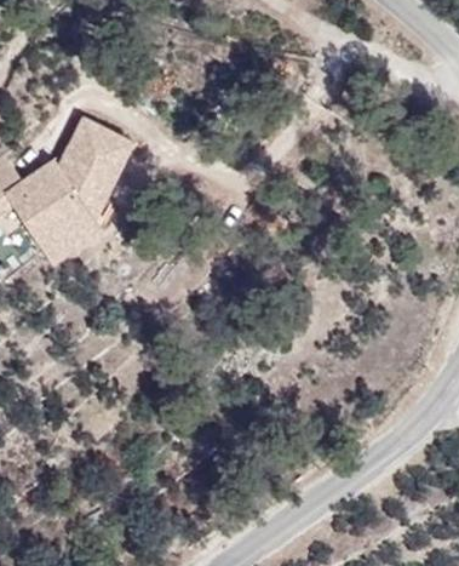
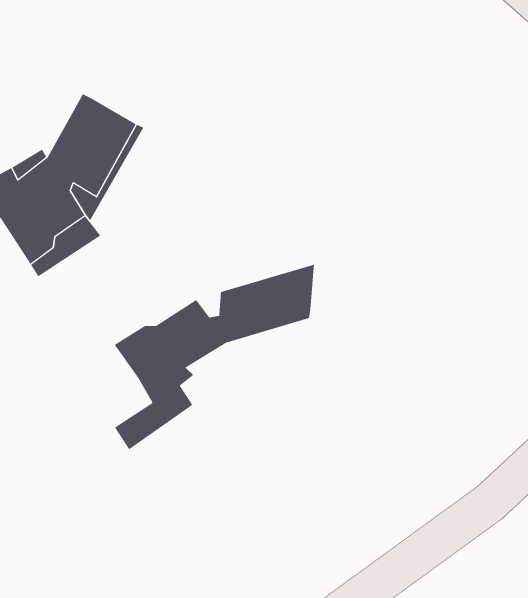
building: none -> [114,264,315,450]

